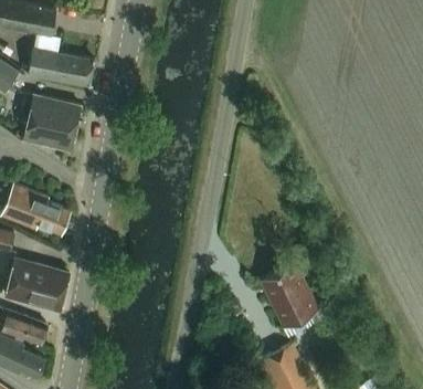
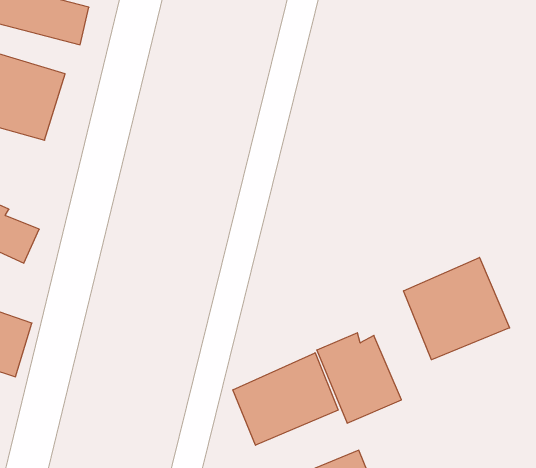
building: none -> [404,257,510,360]
building: none -> [233,353,338,445]

